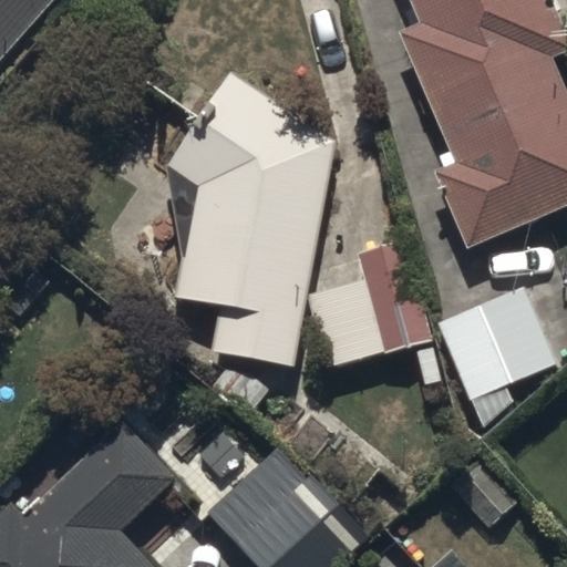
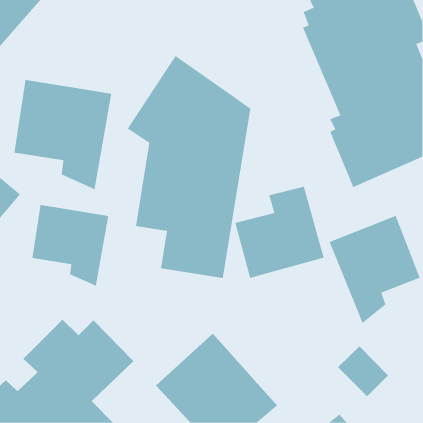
building: none -> [14,79,112,190]
building: none -> [32,204,109,287]

